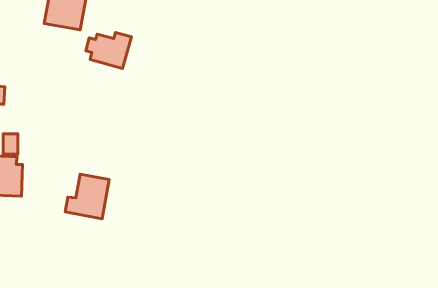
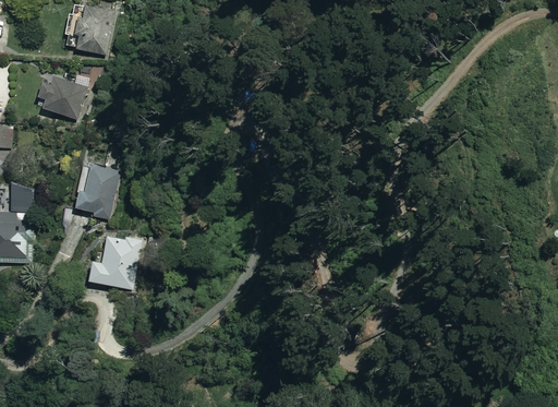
building: [86,32,131,68] -> [35,76,92,121]
building: none -> [74,160,120,220]

